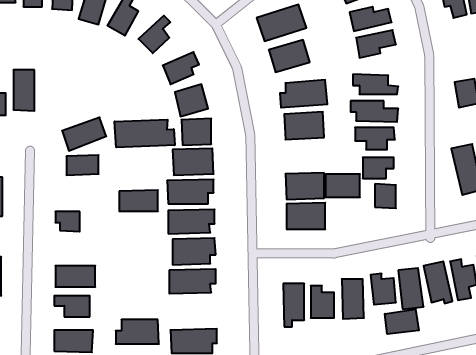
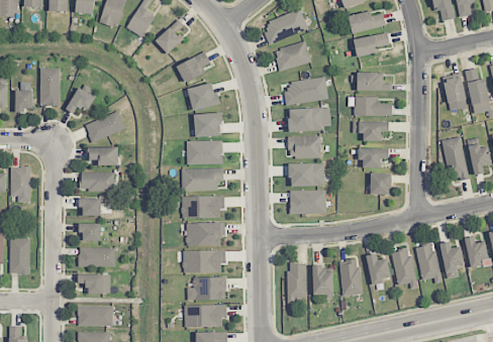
building: none -> [66,87,95,113]
building: [115,120,175,147] -> none
building: [326,174,360,197] -> [289,136,320,157]
building: [119,190,158,211] -> [80,172,115,191]
building: none -> [79,223,101,241]
building: [385,309,419,334] -> none
building: [116,320,159,344] -> [187,277,226,300]

